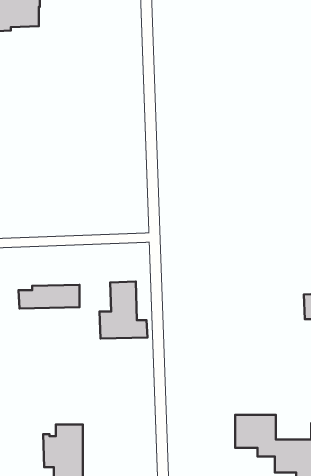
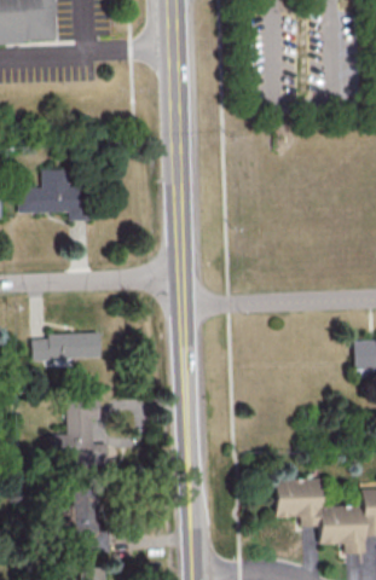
building: none -> [19,169,89,221]
building: [99,282,148,338] -> [54,400,109,464]

